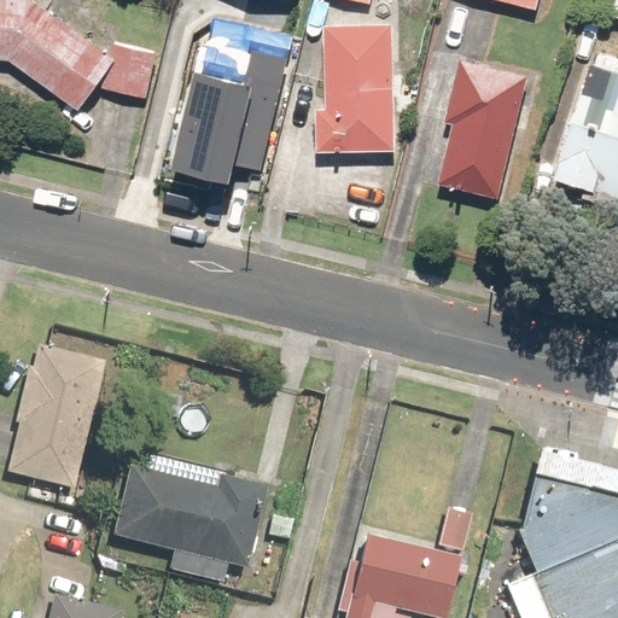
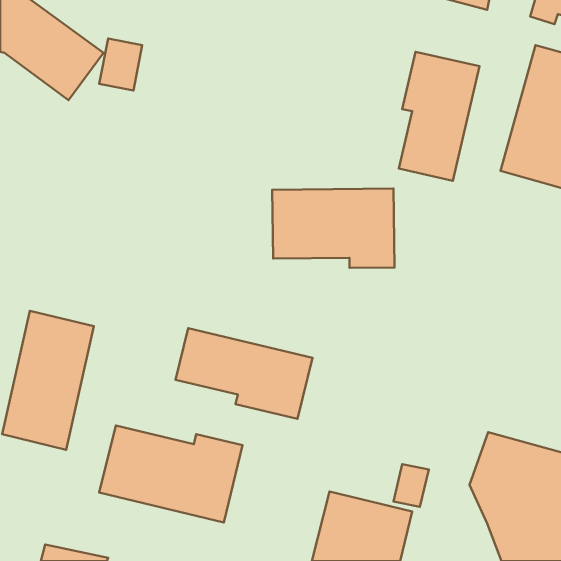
building: [313,22,395,151] -> none
building: [182,37,293,169] -> none
building: none -> [272,189,394,268]
building: none -> [176,328,313,419]

